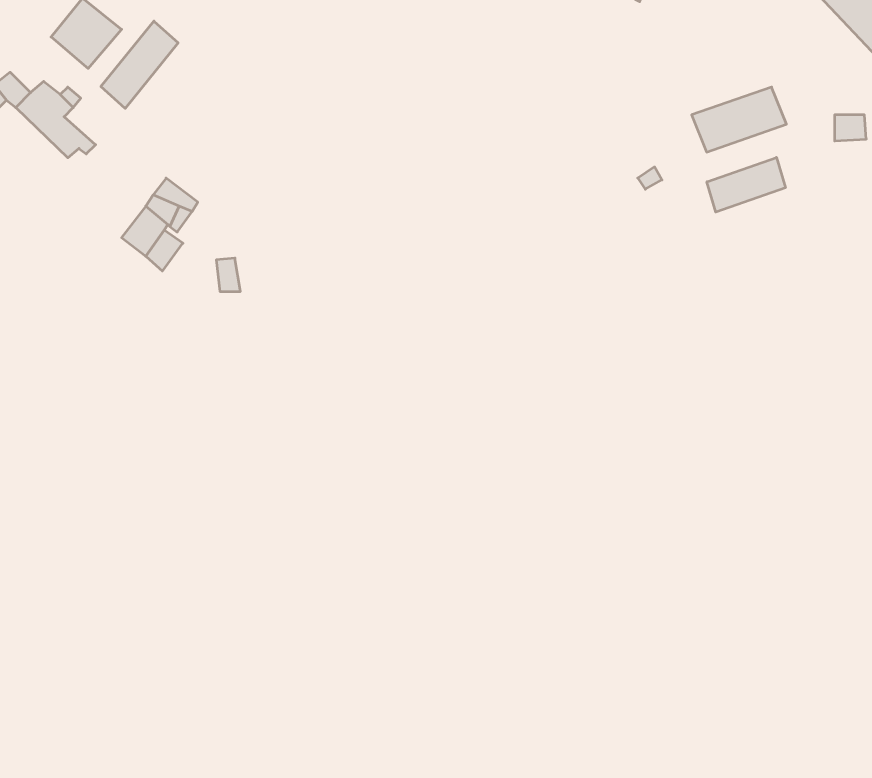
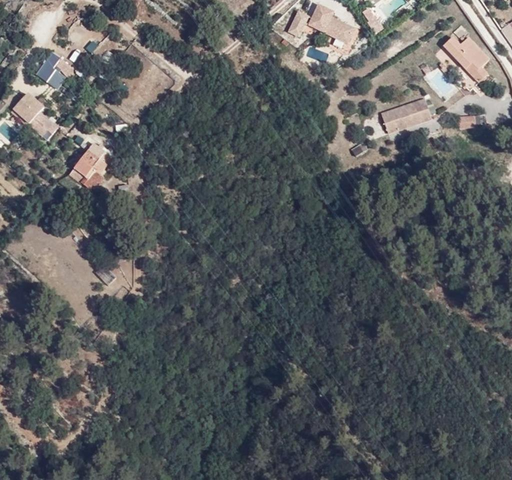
building: [101,21,178,108] -> none
building: [707,157,785,212] -> none

